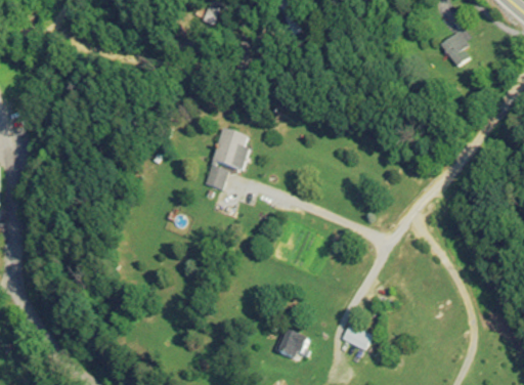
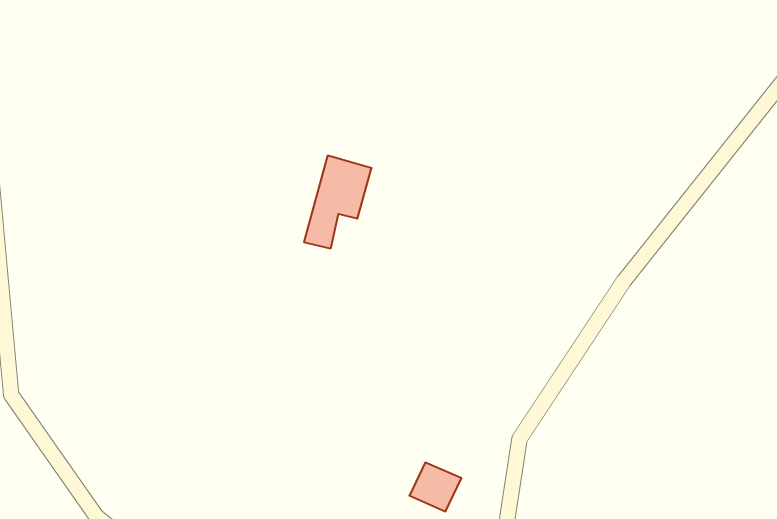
building: [443,34,472,66] -> none
building: [342,324,372,349] -> none

